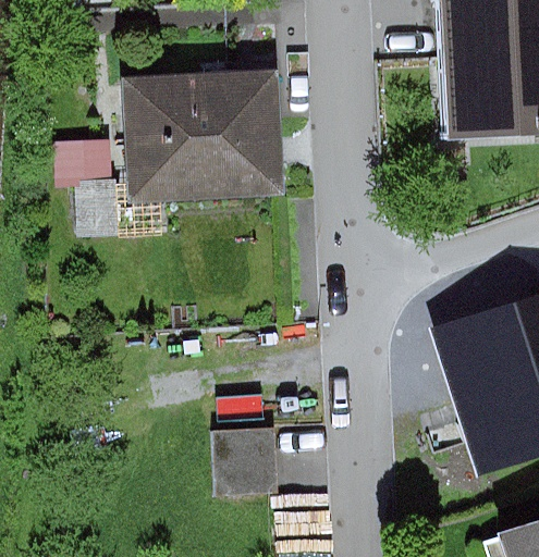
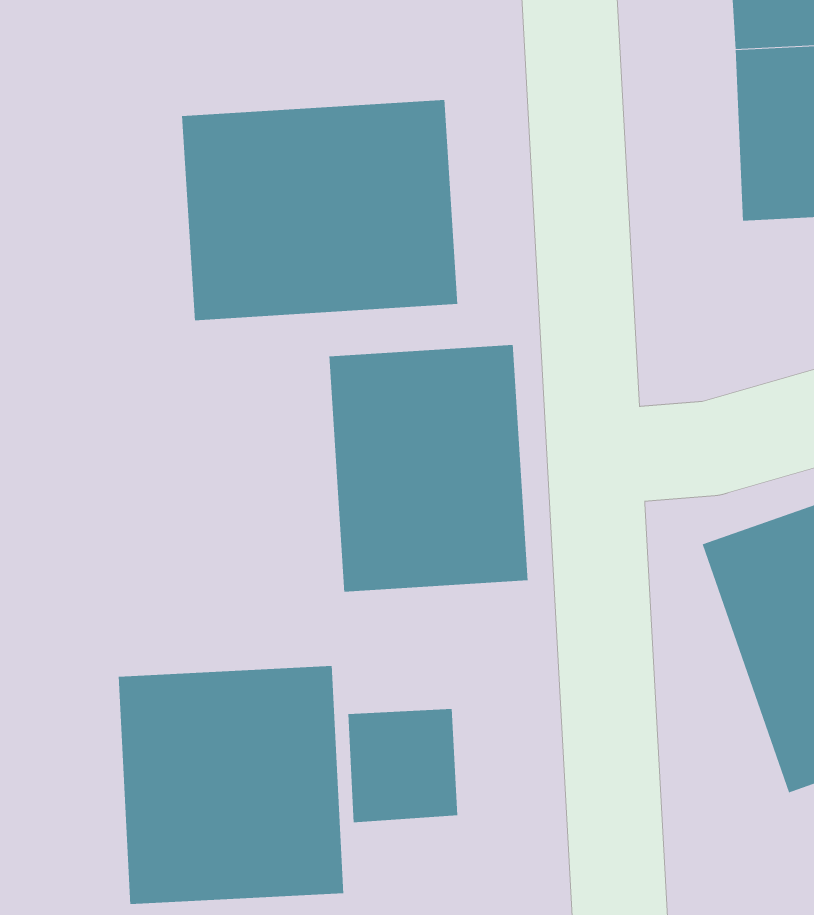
building: none -> [329,344,528,592]
building: none -> [118,665,344,905]

